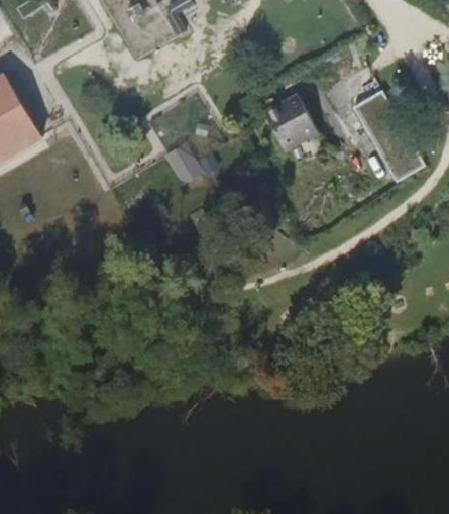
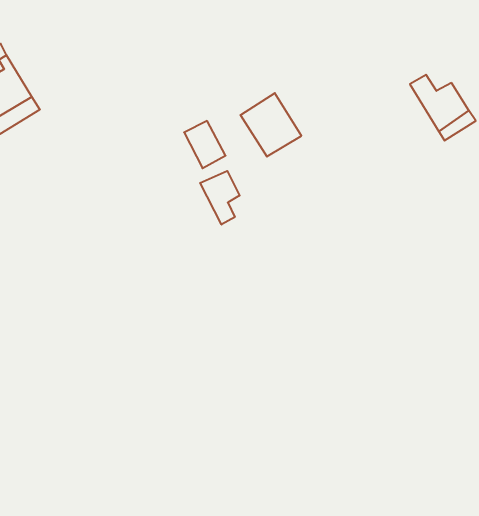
building: [257,97,311,152] -> [240,93,301,157]
building: none -> [200,171,240,225]

